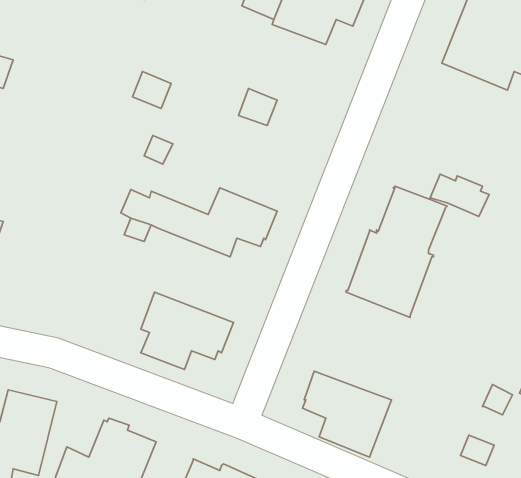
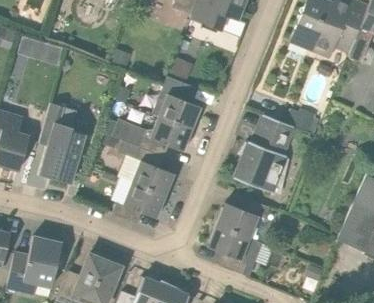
building: none -> [152,80,201,130]
building: none -> [39,103,86,184]
building: none -> [118,140,174,196]
building: none -> [215,197,270,238]

